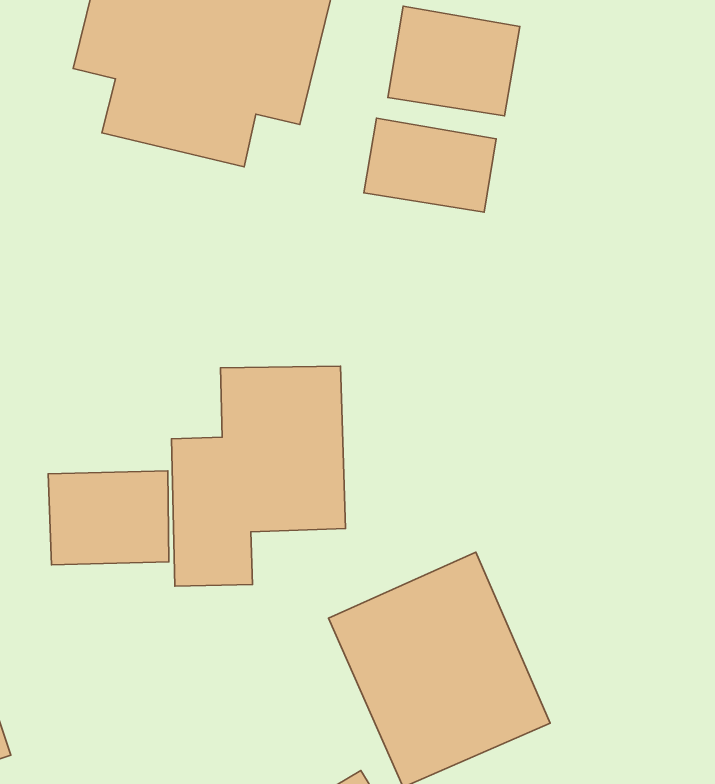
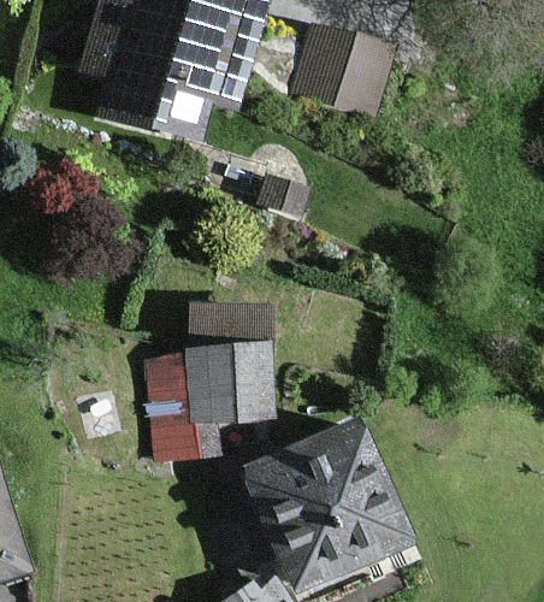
building: [364,118,496,212] -> none
building: [48,471,169,565] -> none

